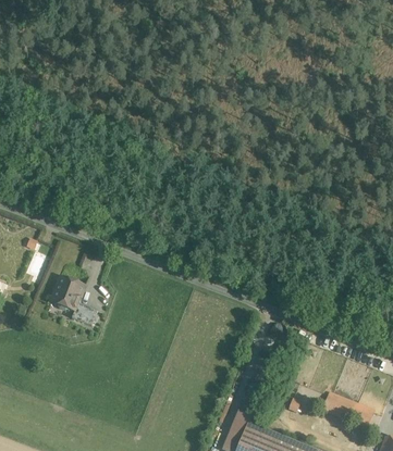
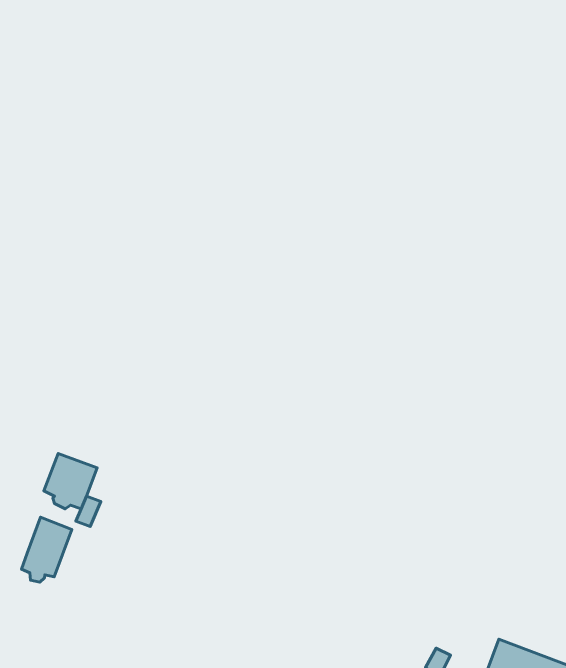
building: none -> [22,517,72,582]

